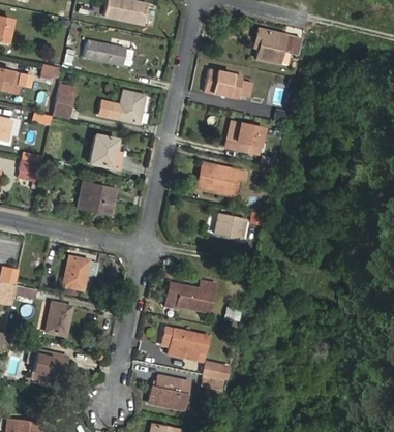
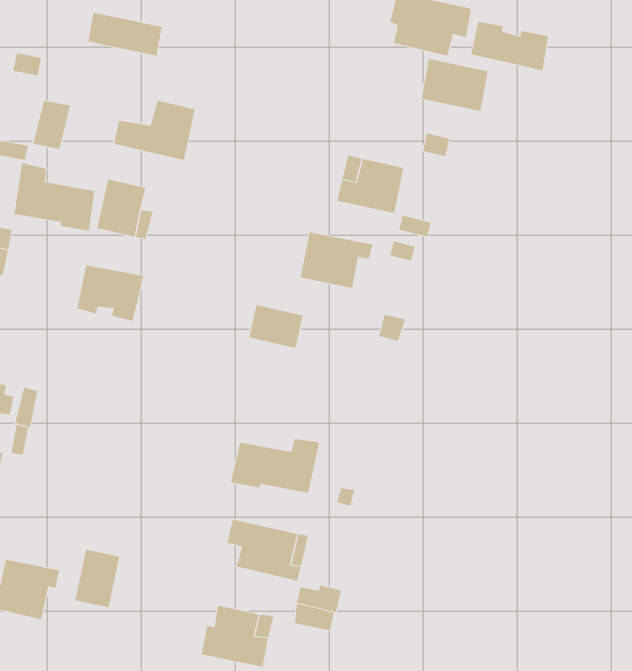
building: none -> [471,21,549,71]
building: [204,69,242,99] -> [421,59,489,112]
building: none -> [14,163,95,232]
building: [214,214,245,239] -> [248,305,303,348]
building: [62,256,89,289] -> none
building: [46,302,71,335] -> [74,549,120,608]

